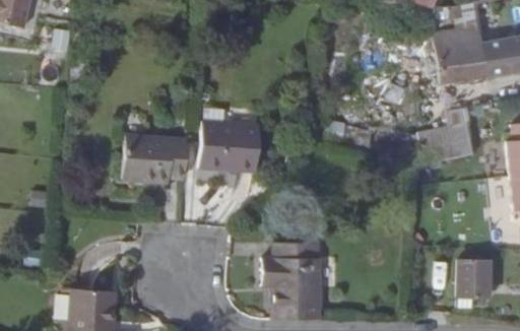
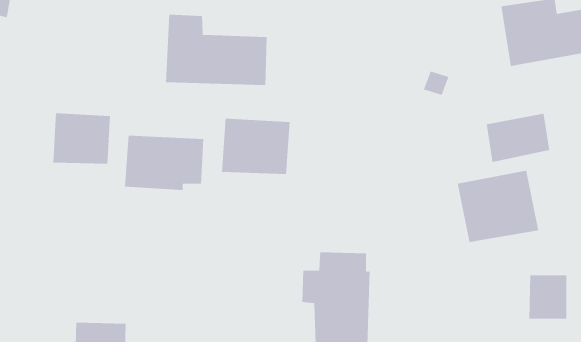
building: none -> [165,14,267,86]
building: none -> [52,113,111,164]
building: none -> [457,170,539,243]

